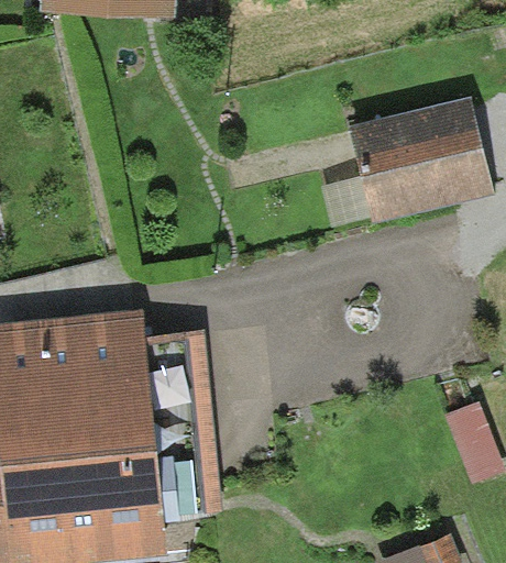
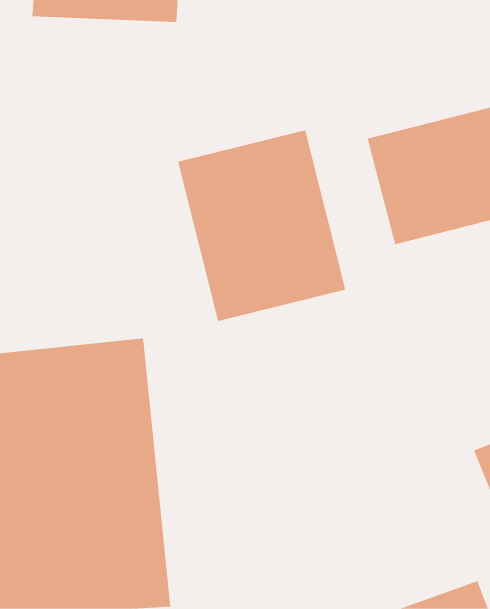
building: none -> [177,130,346,322]

